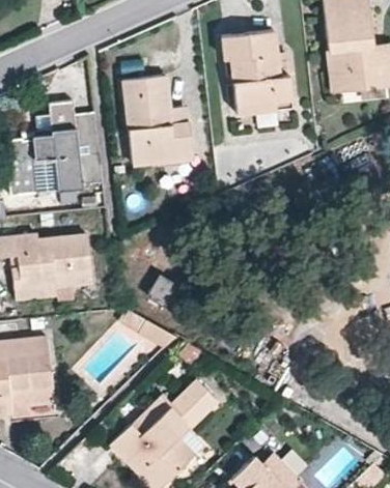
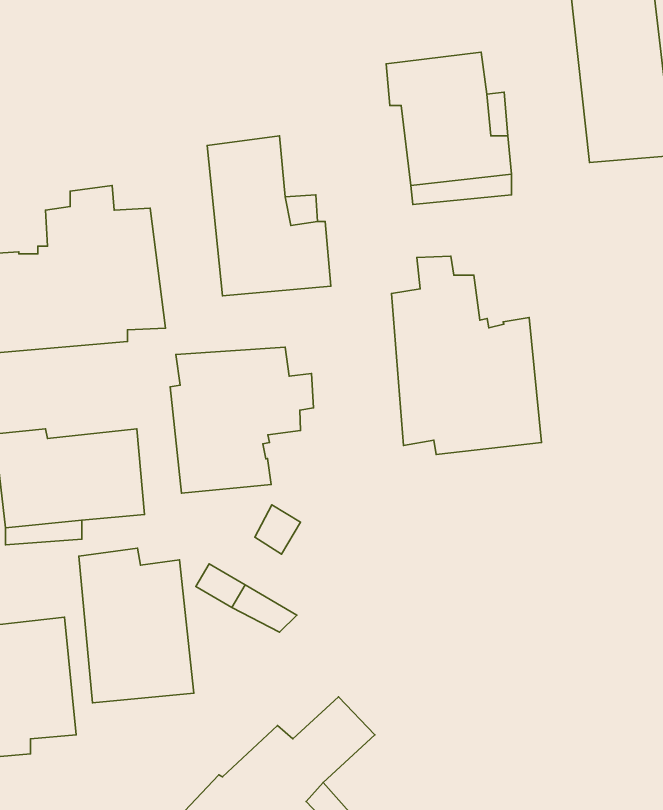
building: none -> [391,256,542,454]
building: none -> [170,347,313,493]
building: none -> [79,548,194,703]

